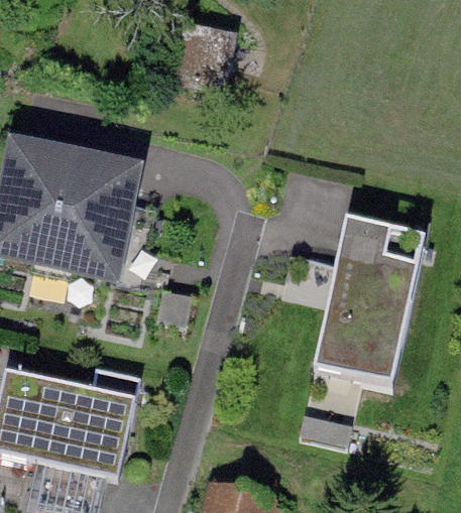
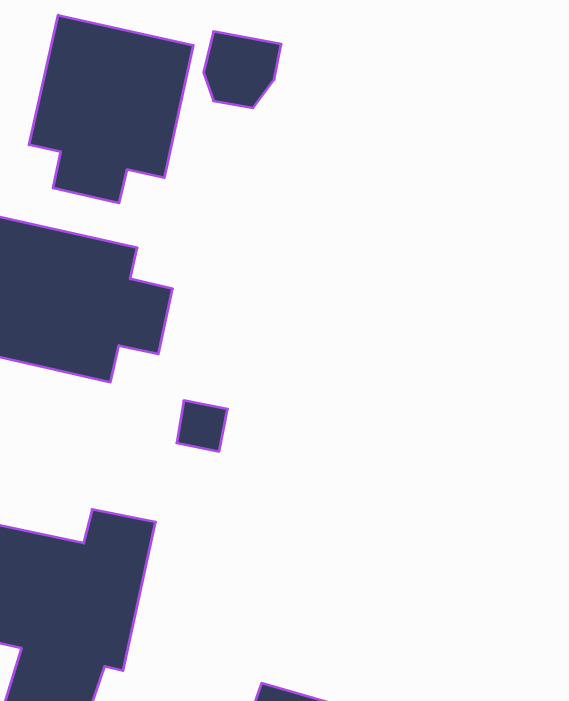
building: none -> [29,15,193,203]
building: [314,222,425,382] -> none

